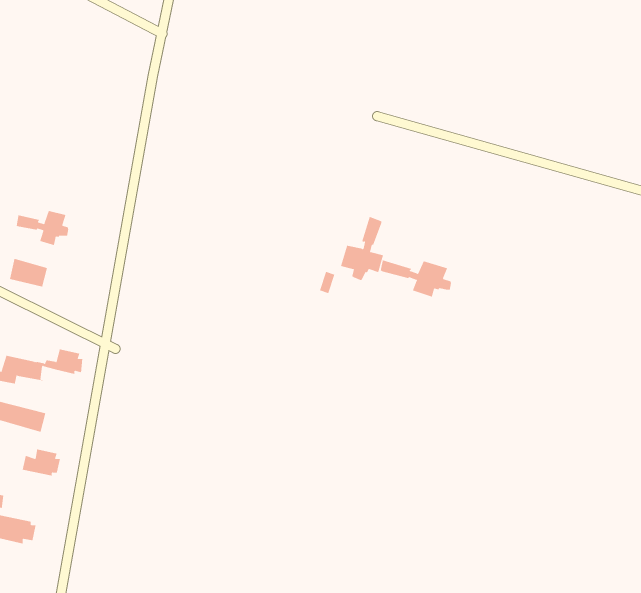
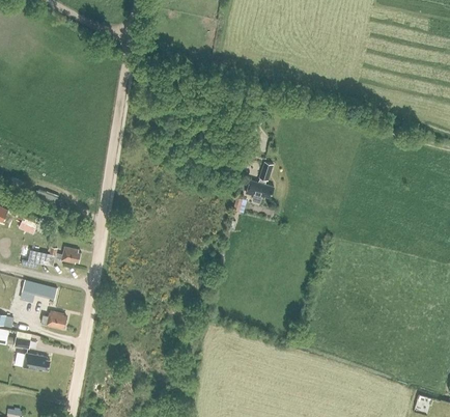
building: [16,210,69,246] -> none
building: [380,259,452,298] -> none

